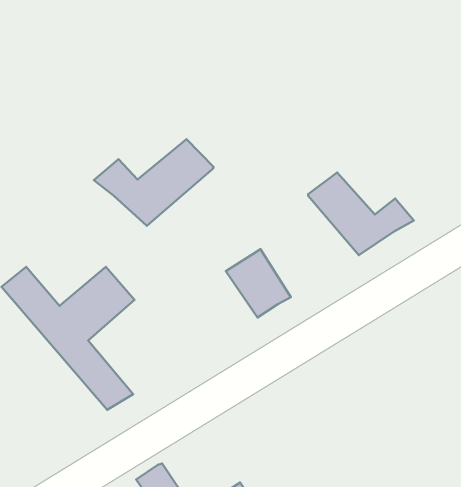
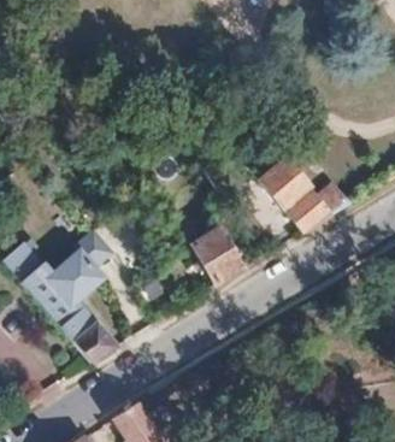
building: [94,139,214,226] -> none

